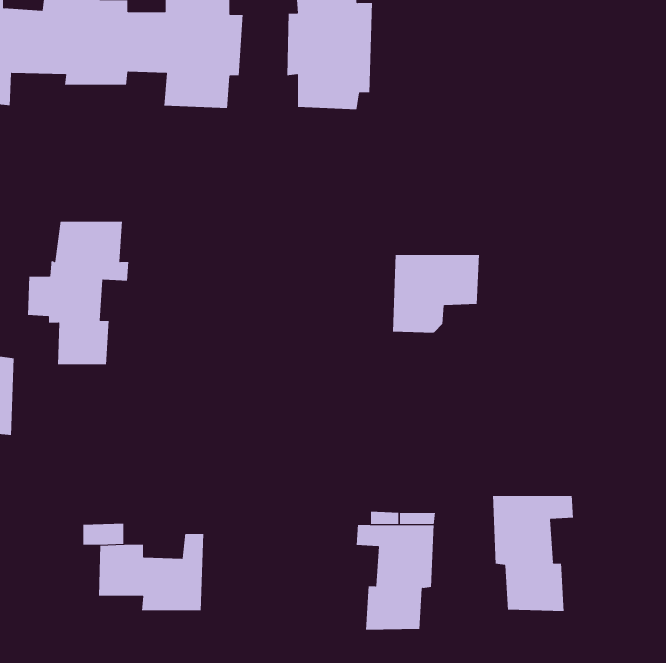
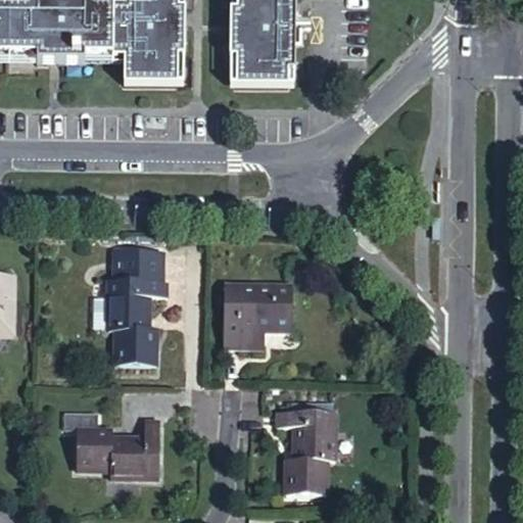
building: [27,221,129,365] -> [88,248,168,361]
building: [392,255,480,333] -> [224,287,292,348]
building: [493,495,574,612] -> none

